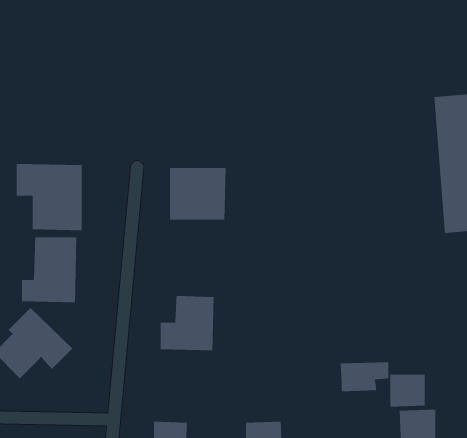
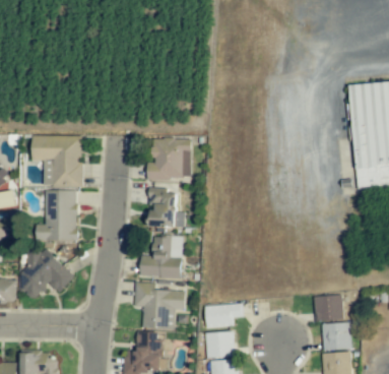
building: none -> [149,187,177,227]
building: none -> [134,283,184,328]
building: [340,362,389,392] -> [205,304,243,327]

